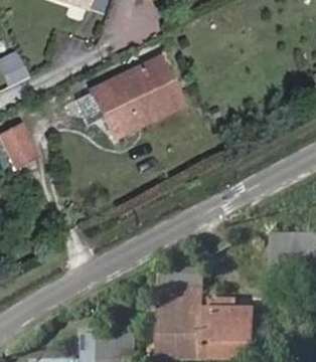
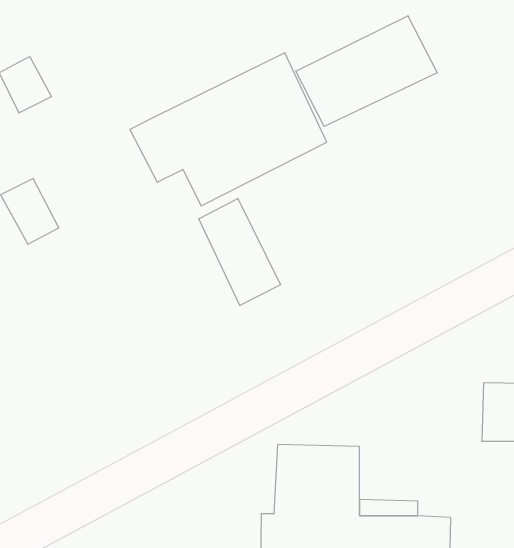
building: none -> [296,16,437,126]
building: none -> [199,198,280,306]

